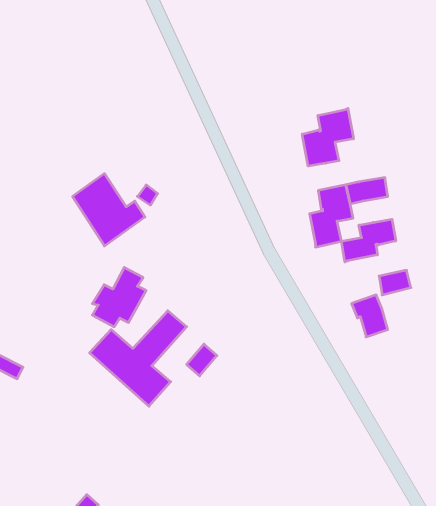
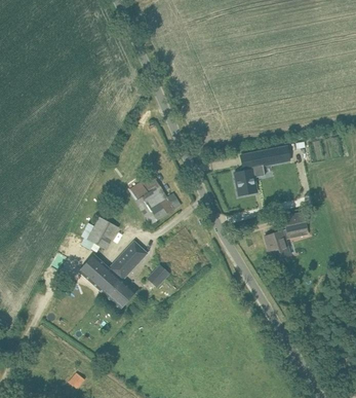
building: [302,108,353,166] -> none
building: [73,174,145,246] -> [129,173,181,224]
building: [341,219,396,262] -> none

